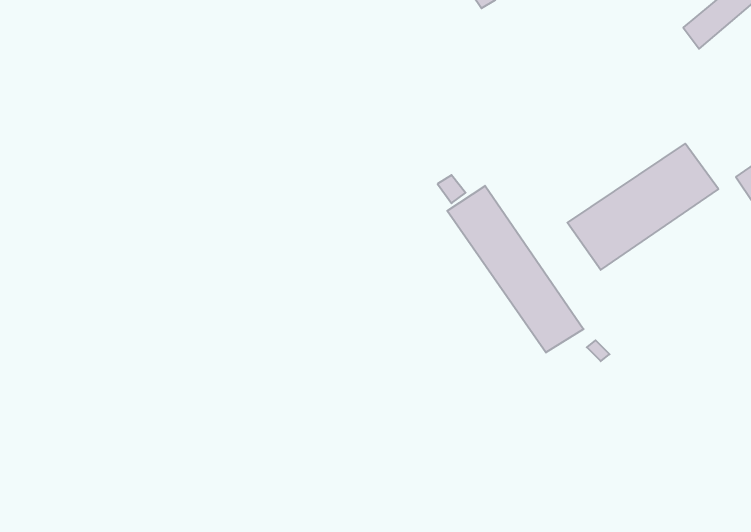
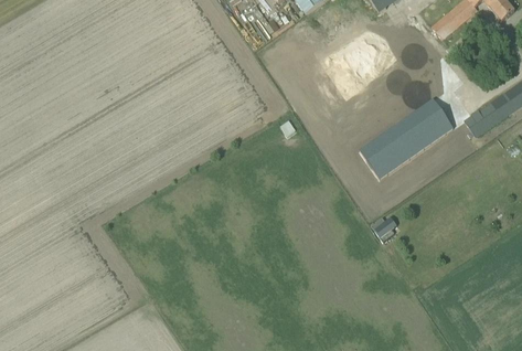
building: [447,186,584,353] -> none

